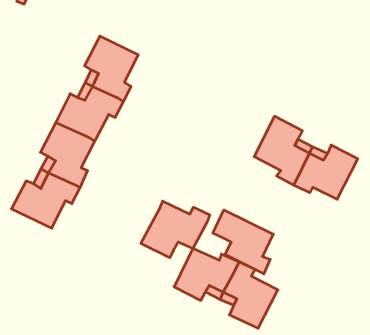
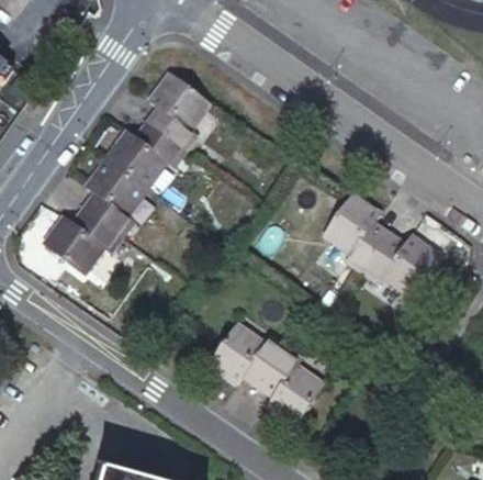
building: [141,201,210,258] -> none
building: [213,210,273,274] -> none

